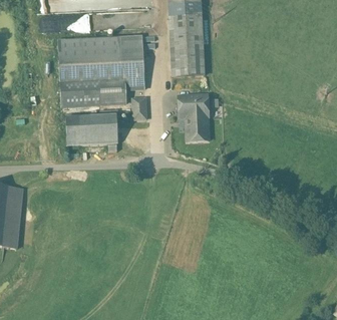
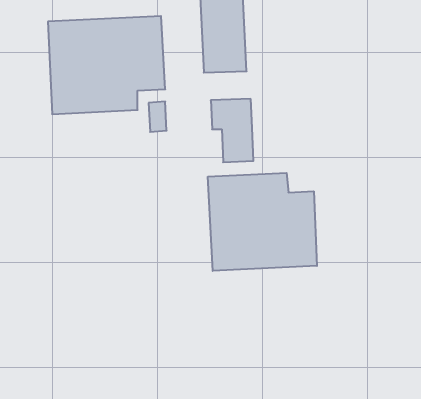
building: [67,114,119,150] -> none
building: none -> [208,173,317,271]

